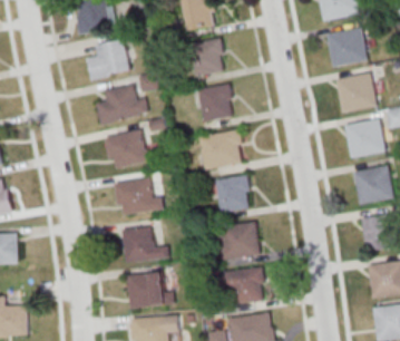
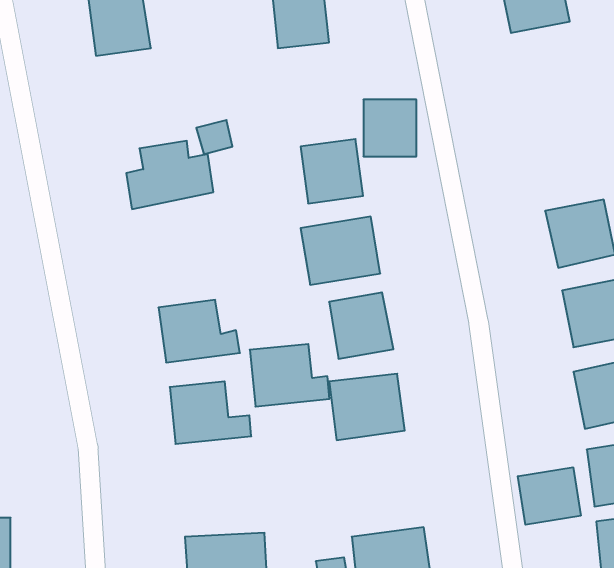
building: [324,28,365,68] -> none
building: [87,39,130,79] -> none
building: [193,40,224,74] -> [363,100,416,156]
building: [333,74,374,114] -> none
building: [104,129,147,171] -> none
building: [225,266,266,304] -> none
building: [127,272,174,309] -> [250,344,329,407]
building: none -> [518,467,581,525]

